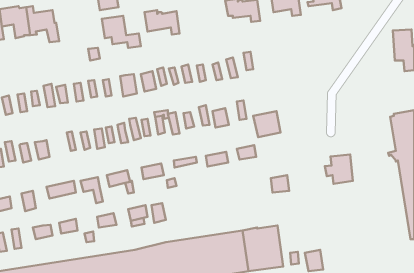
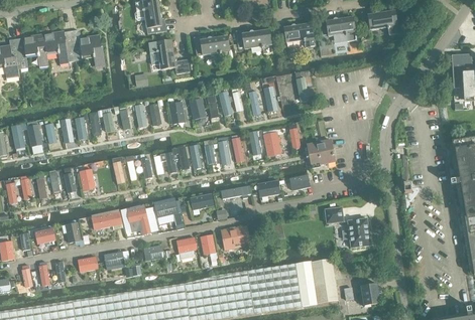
building: none -> [236,28,272,53]
building: [325,155,353,184] -> [341,217,370,248]
building: none -> [220,228,244,251]

